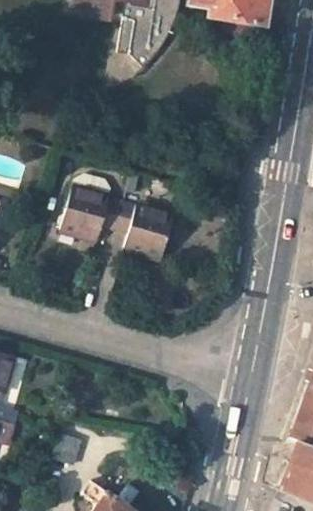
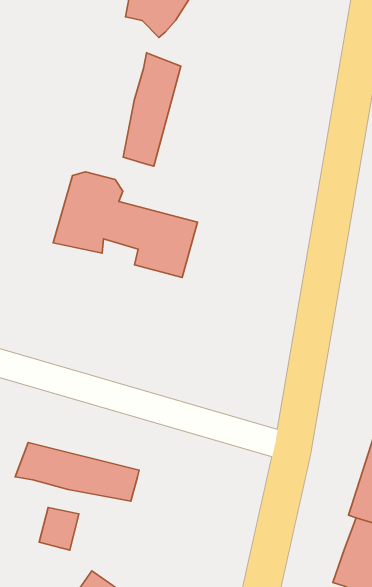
building: none -> [123,53,181,166]
building: none -> [15,443,139,501]

